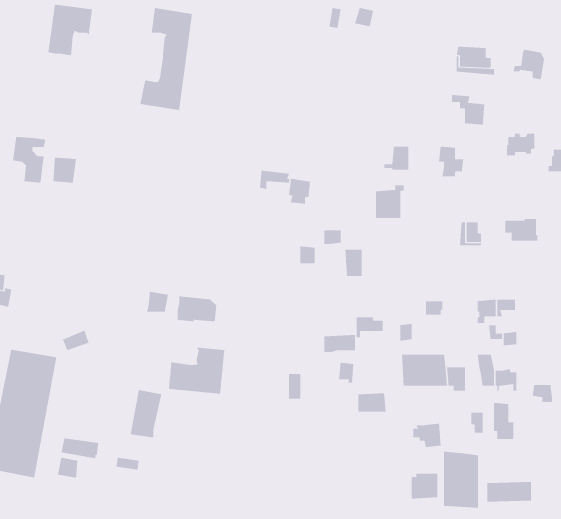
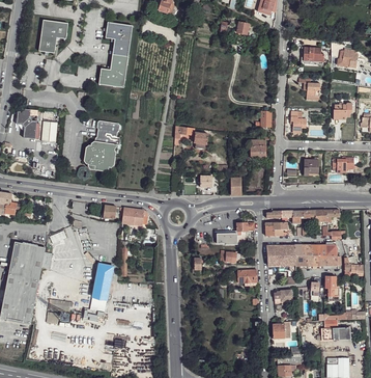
building: none -> [83,120,119,171]
building: [168,347,225,394] -> none
building: [443,451,478,508] -> none

